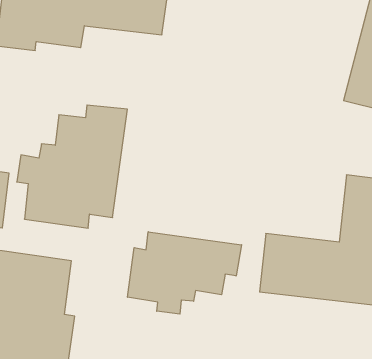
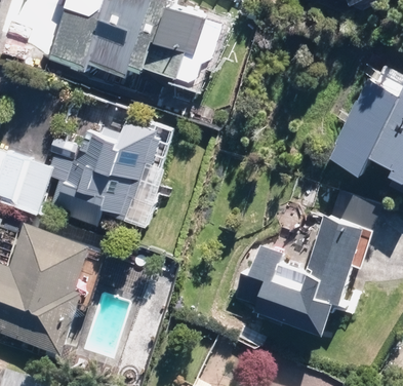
building: [128,232,242,314] -> none

